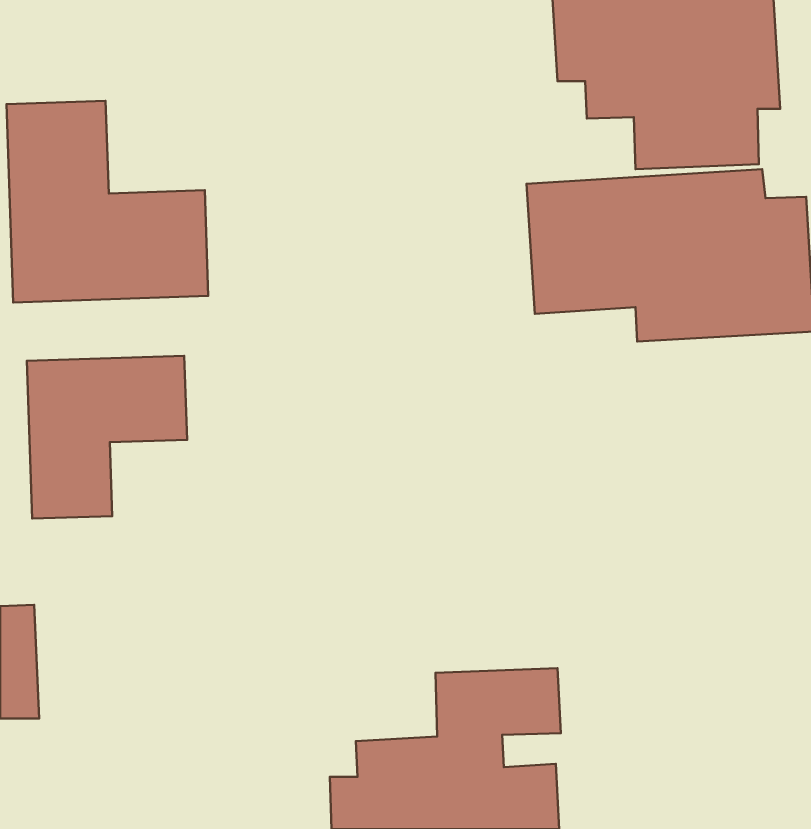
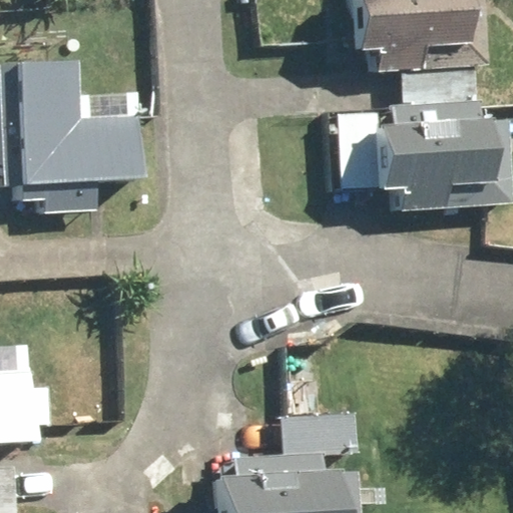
building: [27,356,187,519] -> none

